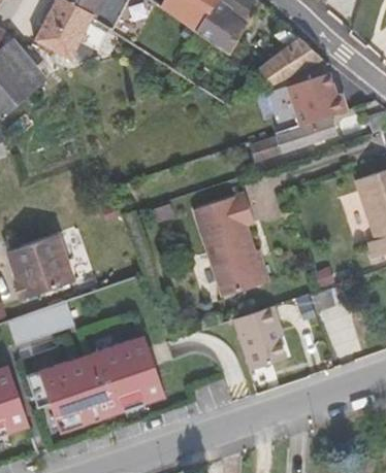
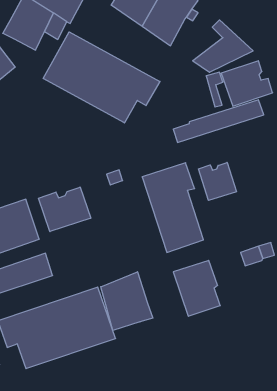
building: none -> [43,32,160,123]
building: none -> [198,162,237,200]
building: none -> [39,187,91,232]
building: none -> [101,272,153,330]

